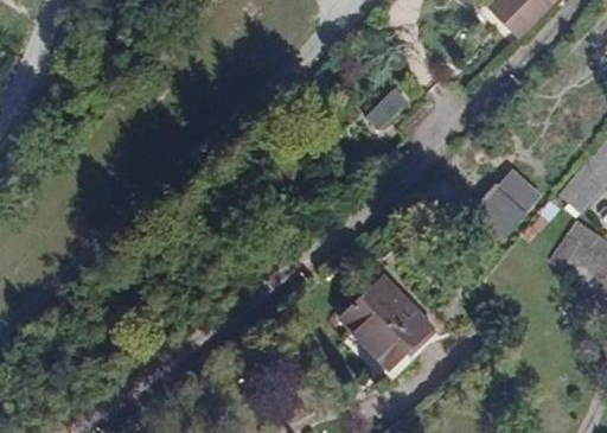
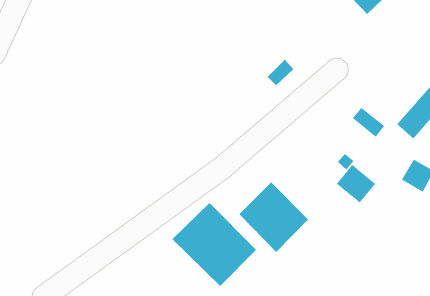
building: [473,183,529,237] -> [336,164,376,203]
building: none -> [171,202,257,287]

